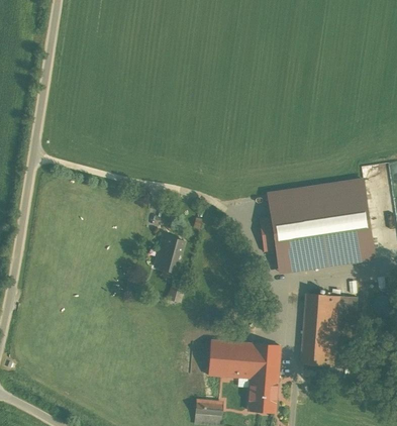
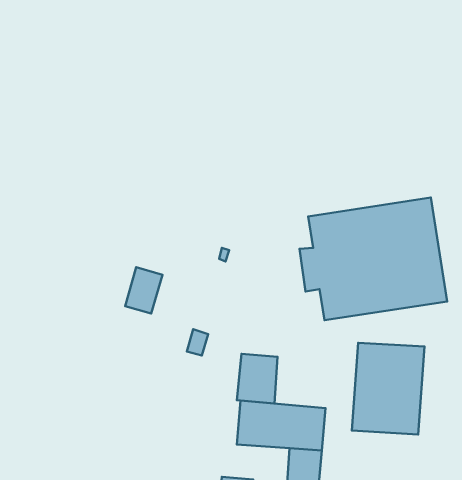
building: [154,234,184,272] -> [125,267,163,314]
building: none -> [237,354,278,403]

